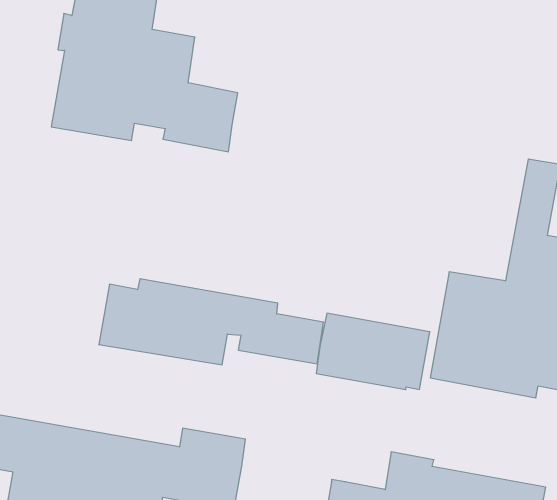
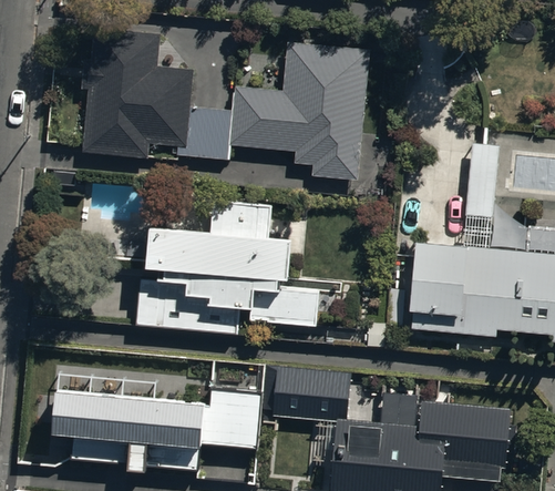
building: none -> [230,42,369,180]
building: none -> [146,201,291,280]
building: [316,313,430,390] -> [261,365,351,421]

